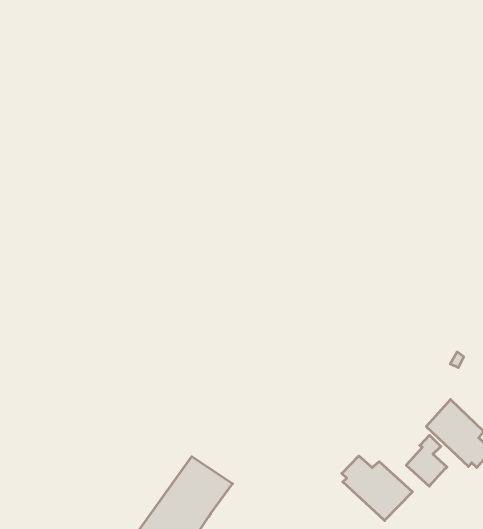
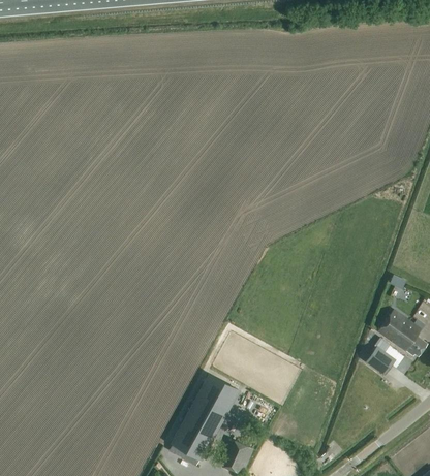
building: [342,456,412,521] -> none

